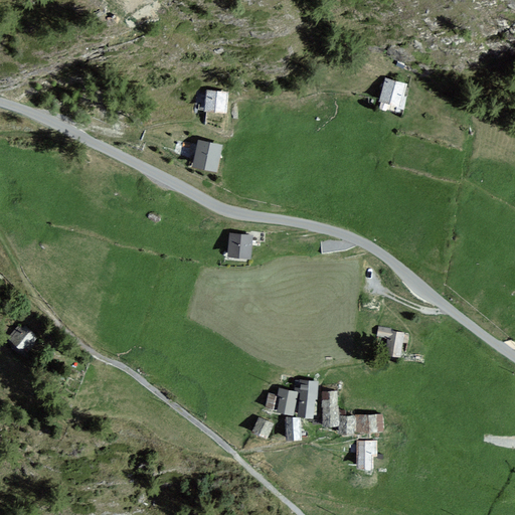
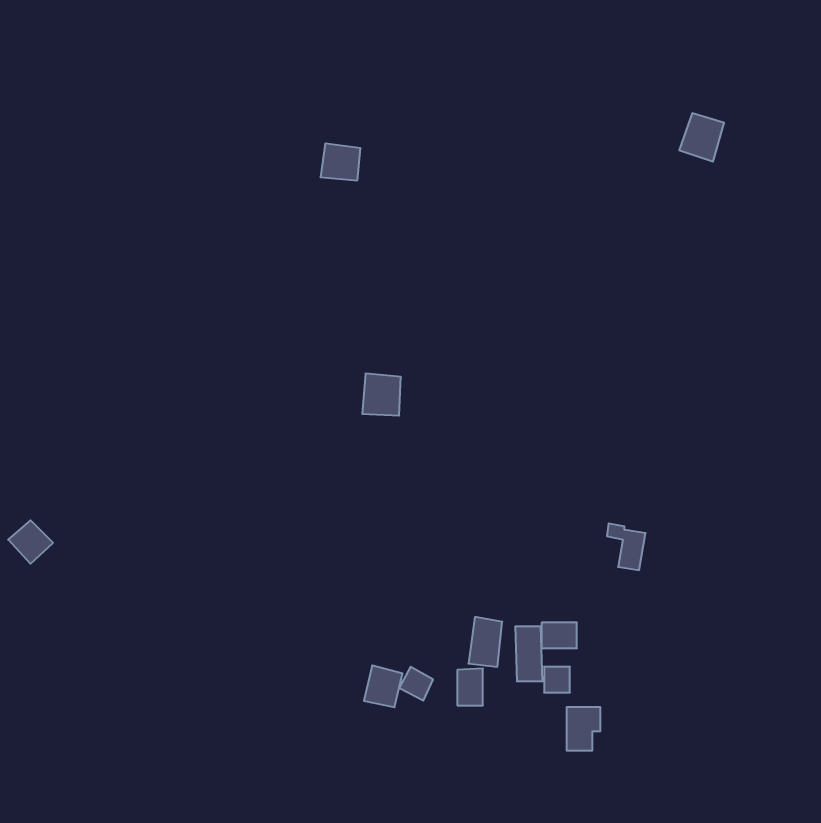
building: [377,78,405,109] -> [679,113,724,162]
building: [191,140,222,173] -> none
building: [272,388,296,414] -> [364,665,403,707]
building: [360,415,382,432] -> [542,623,577,648]

